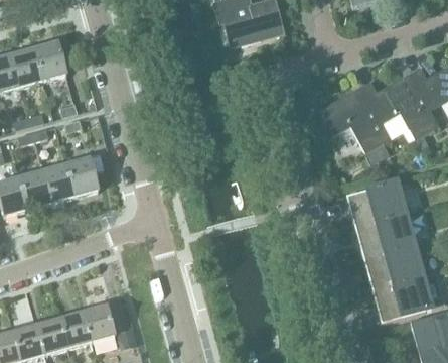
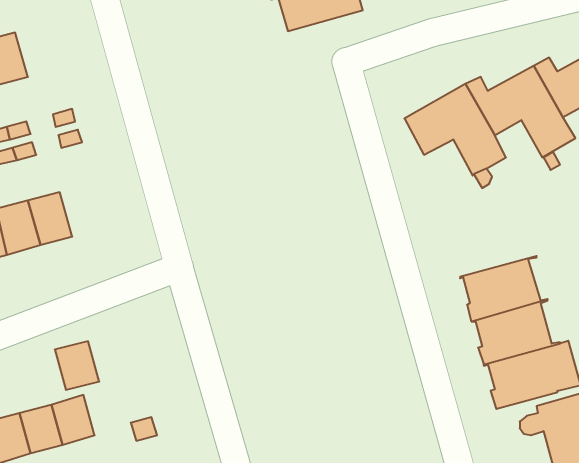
building: [33,41,66,81] -> none
building: [65,157,99,197] -> none
building: [346,180,411,226] -> none
building: [83,306,115,341] -> [55,341,99,390]

